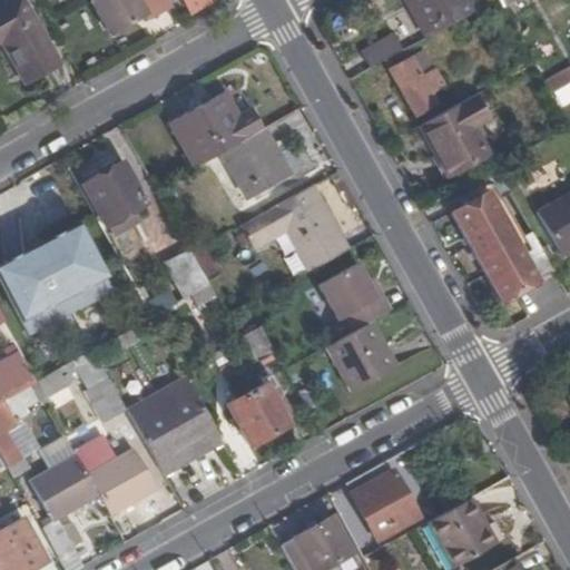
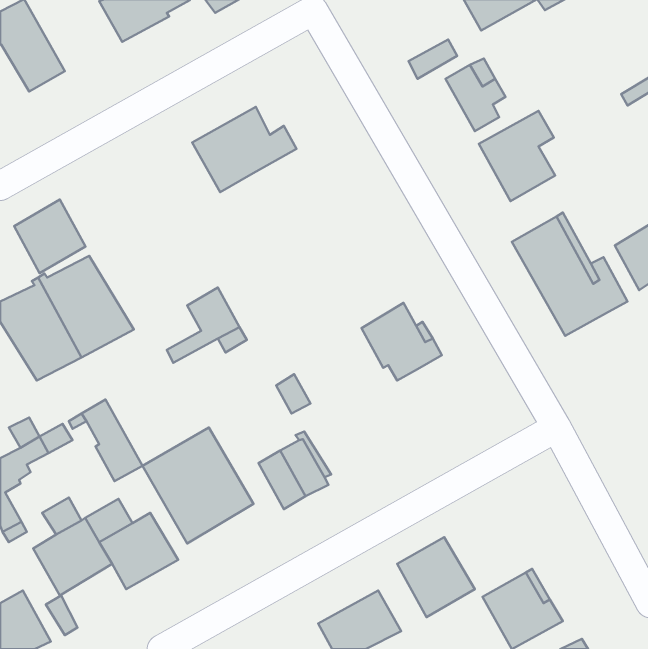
building: [222,129,291,200] -> none
building: [83,161,146,226] -> [14,200,85,273]
building: [240,185,350,272] -> none
building: [325,323,397,391] -> none

